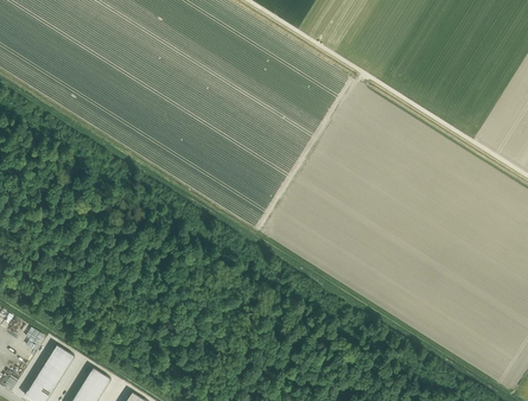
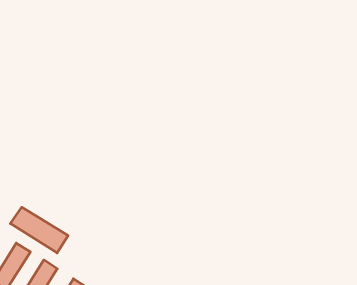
building: none -> [10,207,68,253]

